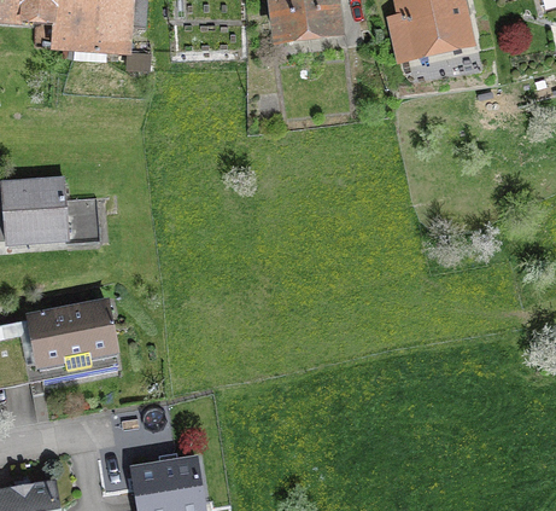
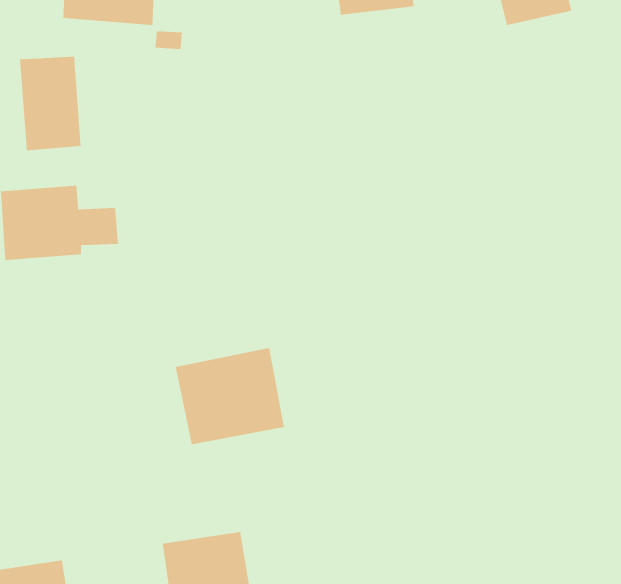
building: none -> [19,56,81,151]
building: [29,303,118,383] -> [175,347,285,445]

